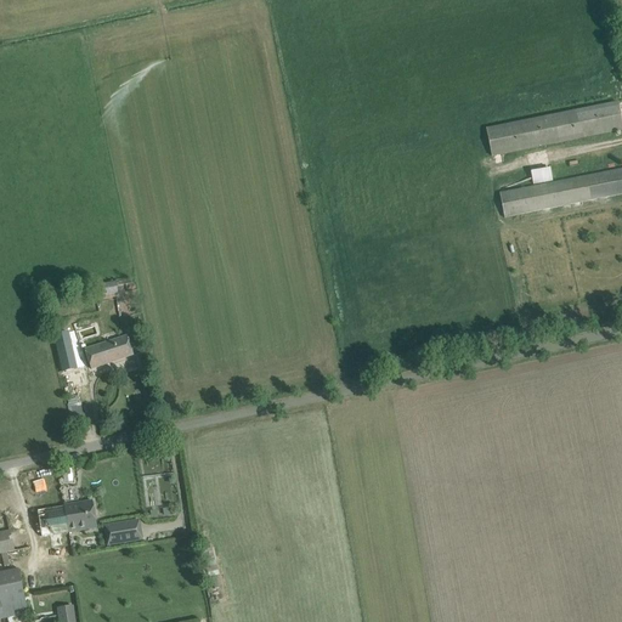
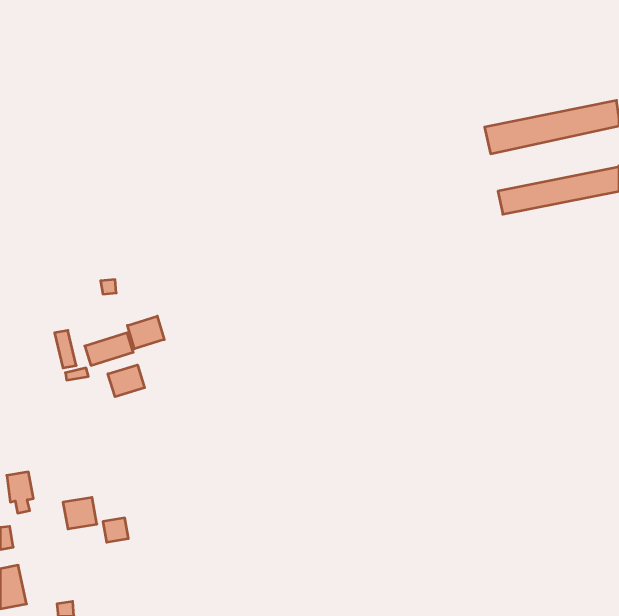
building: none -> [127,316,164,349]
building: none -> [108,365,145,397]
building: [41,504,68,545] -> [7,472,33,513]

